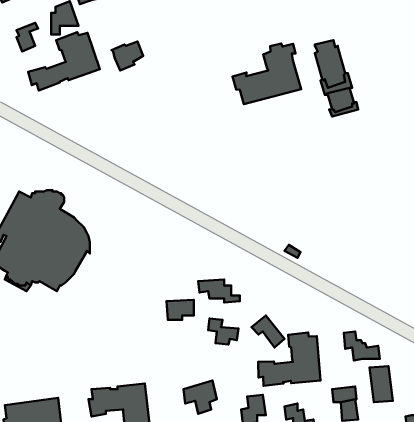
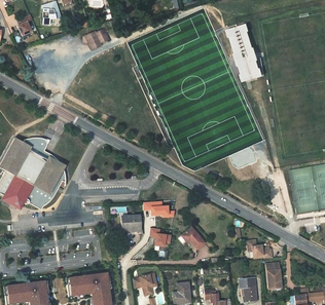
building: [28,32,100,91] -> none
building: [233,43,301,104] -> none
building: [258,333,320,386] -> none

